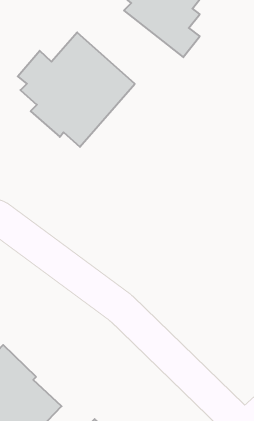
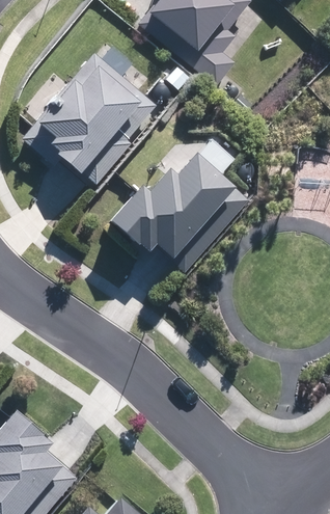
building: none -> [108,150,250,273]

